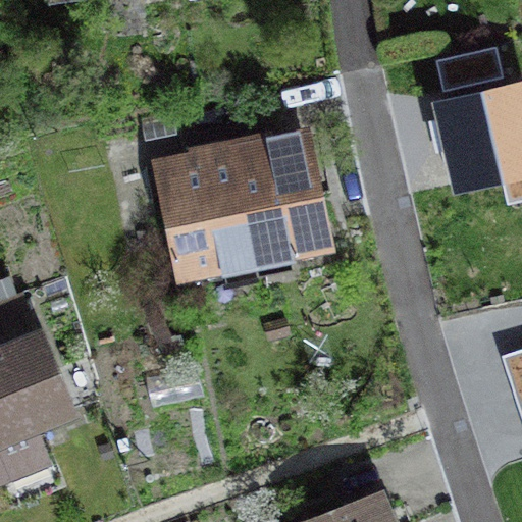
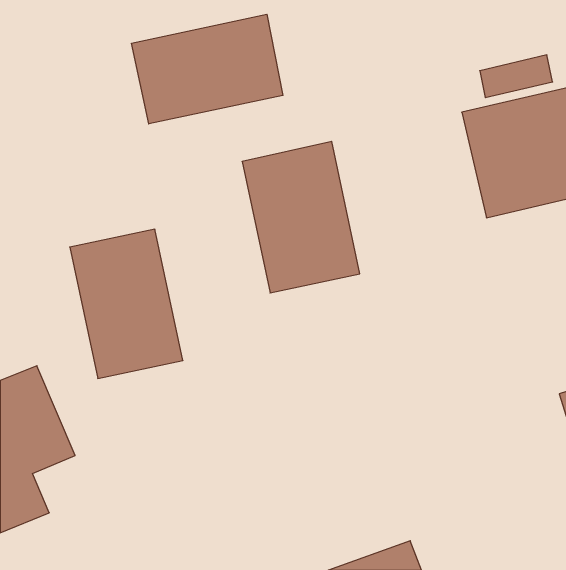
building: none -> [132,14,283,124]
building: [149,147,252,282] -> [70,229,183,378]

